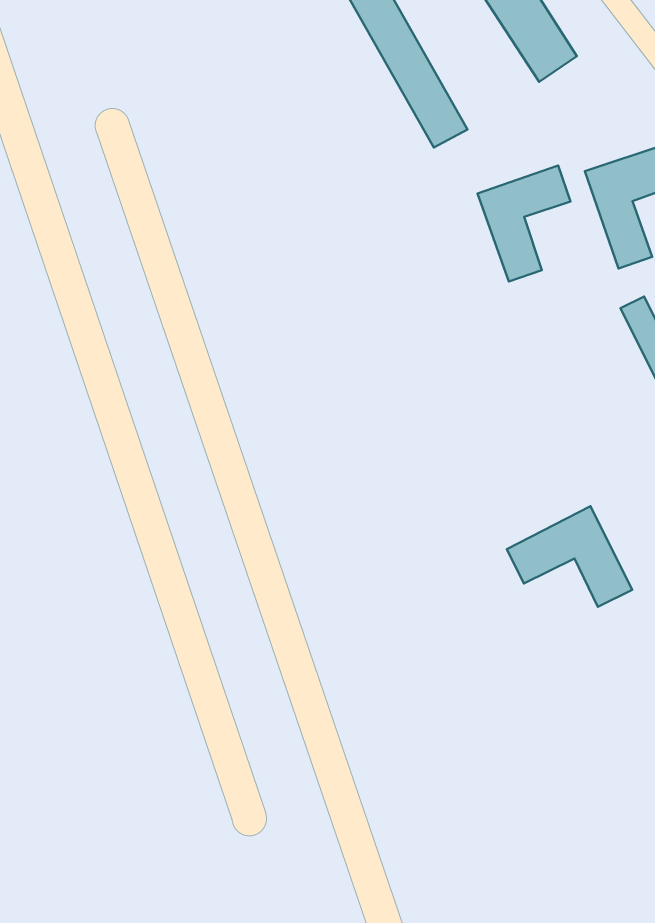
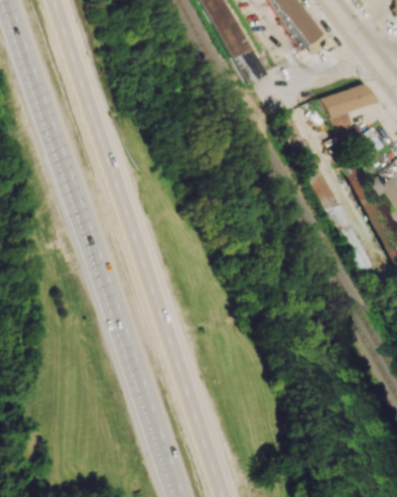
building: [477,165,570,281] -> none
building: [507,506,632,607] -> none

